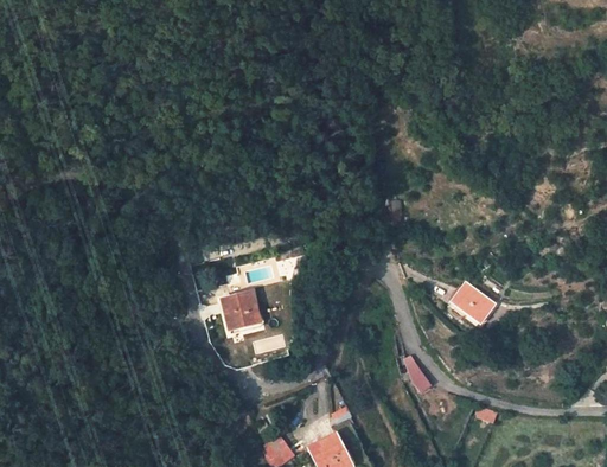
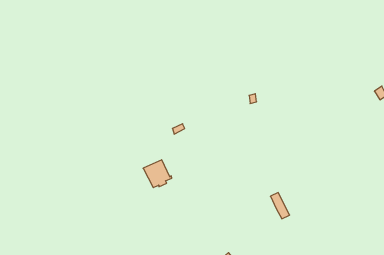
building: [449,281,491,320] -> none

